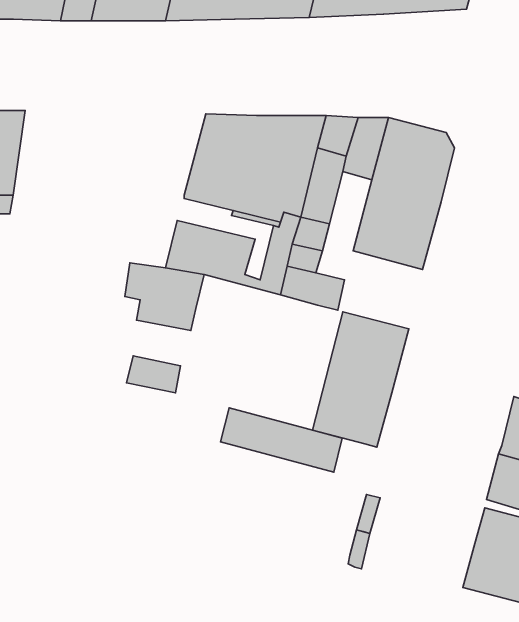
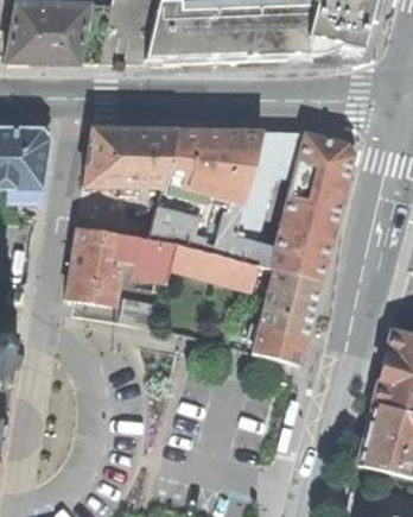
building: none -> [84,127,178,185]
building: none -> [66,225,125,302]
building: none -> [271,225,330,279]
building: [221,408,342,472] -> [171,241,256,286]

